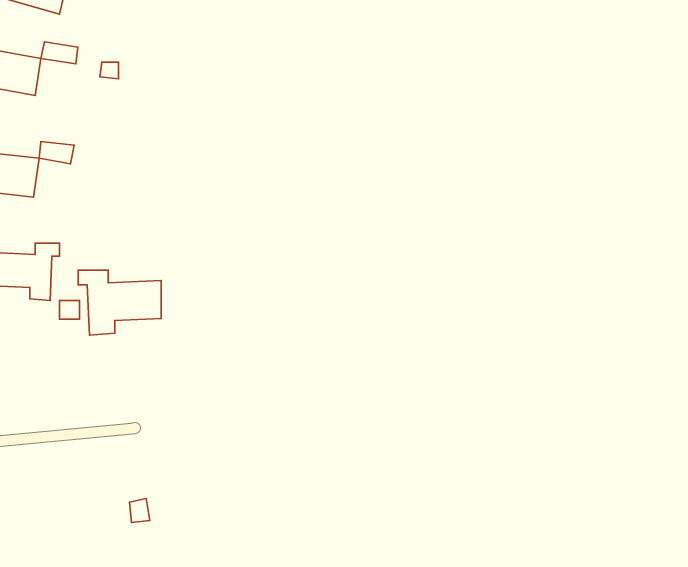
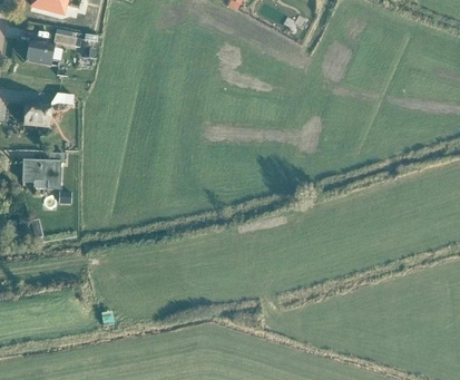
building: [78,270,161,335] -> none

